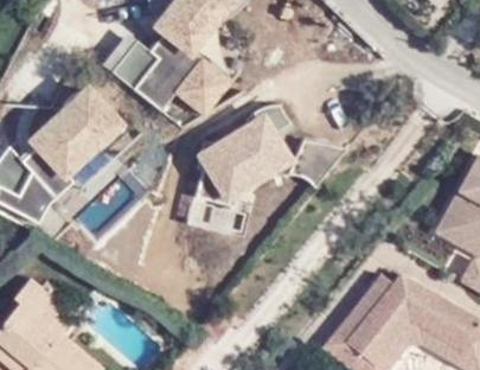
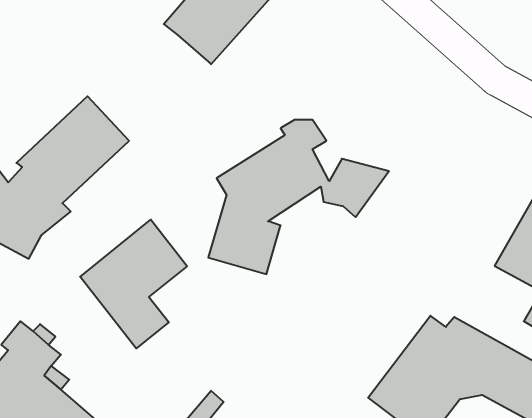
building: [107,33,233,120] -> none
building: none -> [80,220,187,348]

